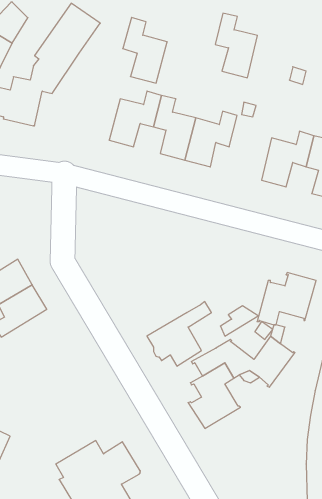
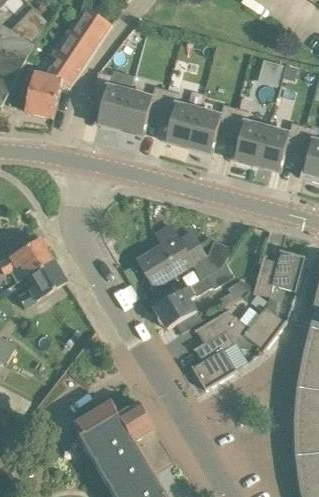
building: [215,13,257,78] -> [228,108,266,166]
building: [123,17,167,83] -> [90,71,130,130]
building: none -> [138,224,233,286]

